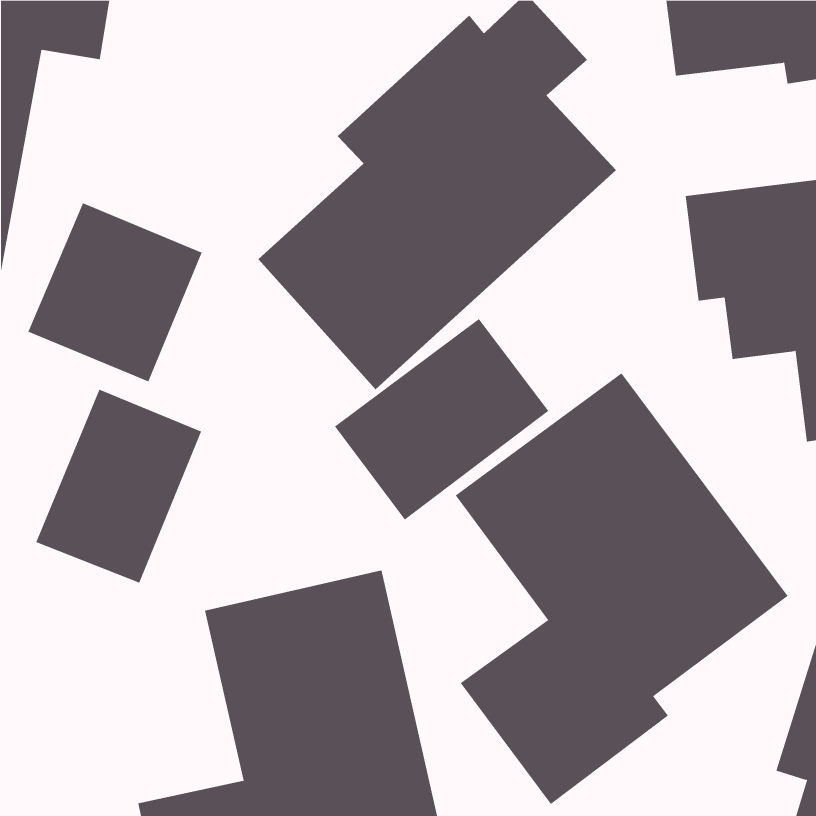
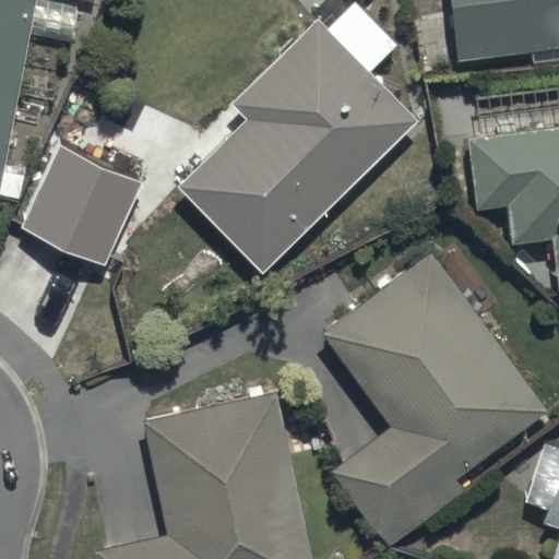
building: [334,318,549,521] -> none
building: [36,389,202,583] -> none

